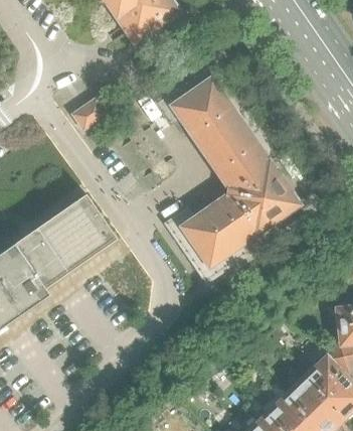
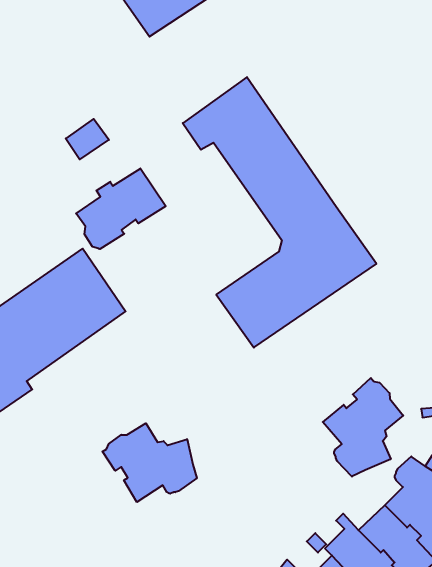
building: none -> [76,168,166,249]
building: none -> [323,378,403,477]
building: none -> [102,423,197,502]

